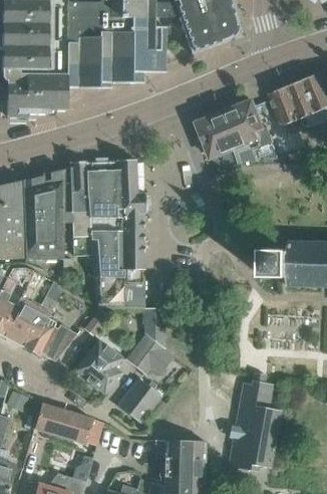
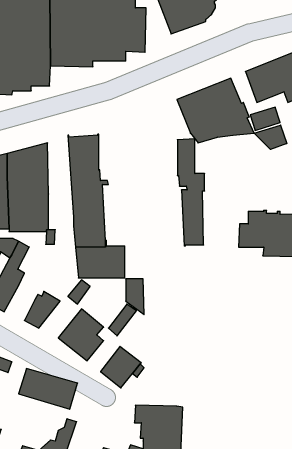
building: none -> [254,125,287,149]
building: [116,158,144,269] -> [177,139,205,246]
building: [63,160,90,255] -> none
building: [18,283,60,353] -> none
building: [135,342,174,376] -> none
building: [226,372,279,474] -> none

